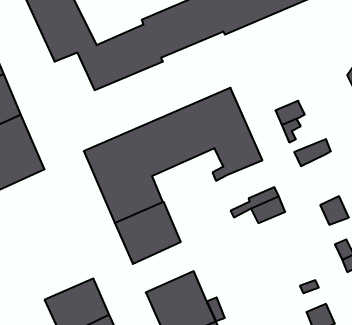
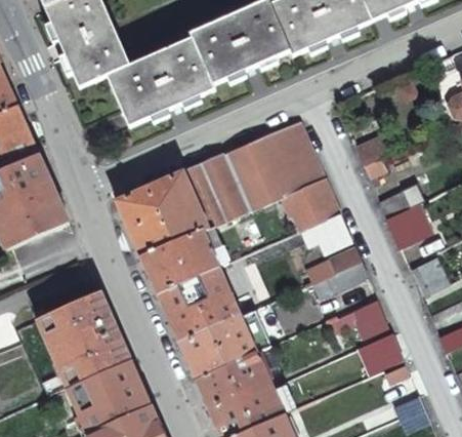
building: none -> [389,203,434,249]
building: none -> [297,211,354,254]
building: none -> [37,291,129,387]
building: none -> [329,295,390,334]
building: none -> [178,314,255,378]
building: none -> [366,331,406,369]

